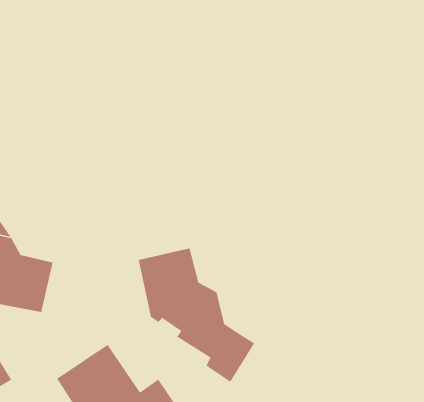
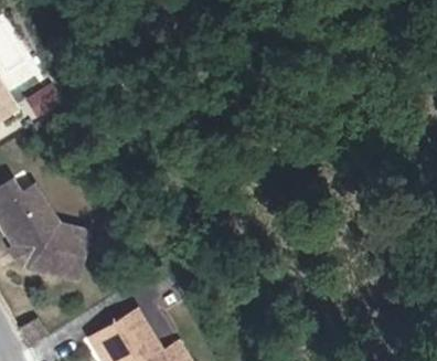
building: [138,248,255,383] -> none

